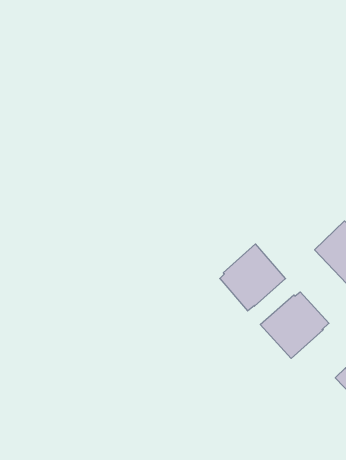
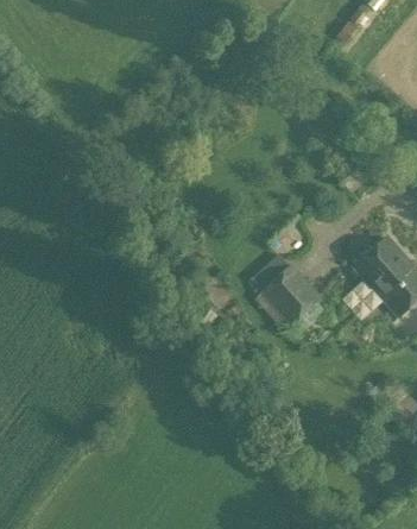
building: [260,292,329,358] -> none

